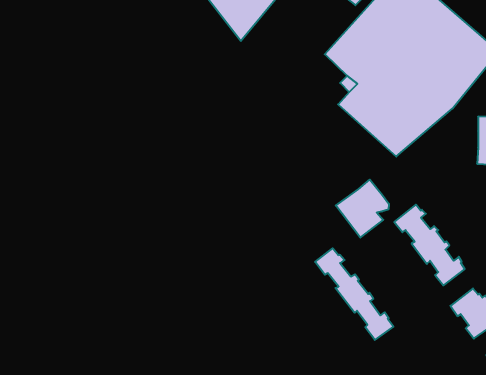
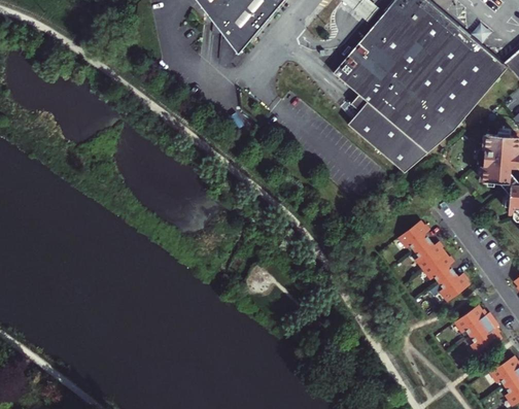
building: [336,180,389,238] -> none
building: [315,248,393,340] -> none

